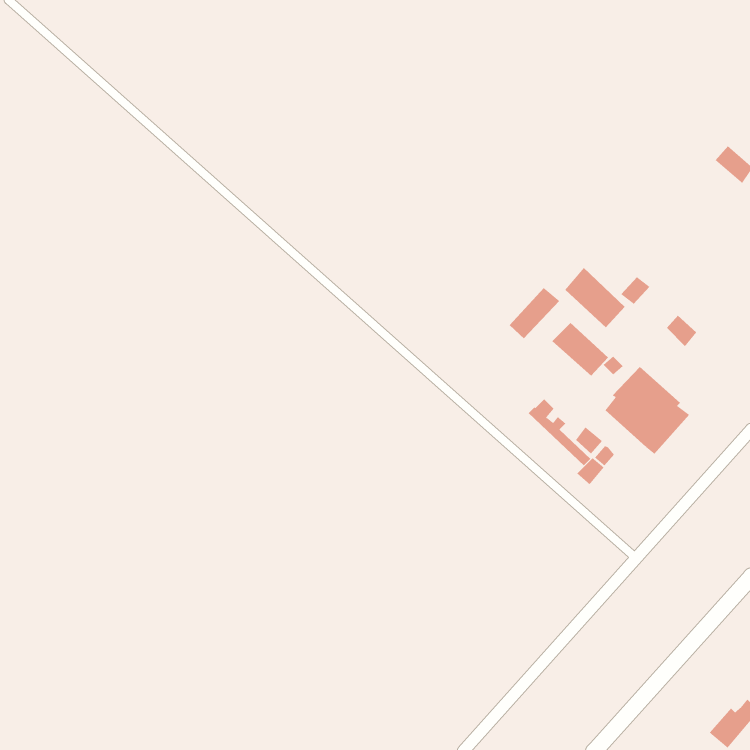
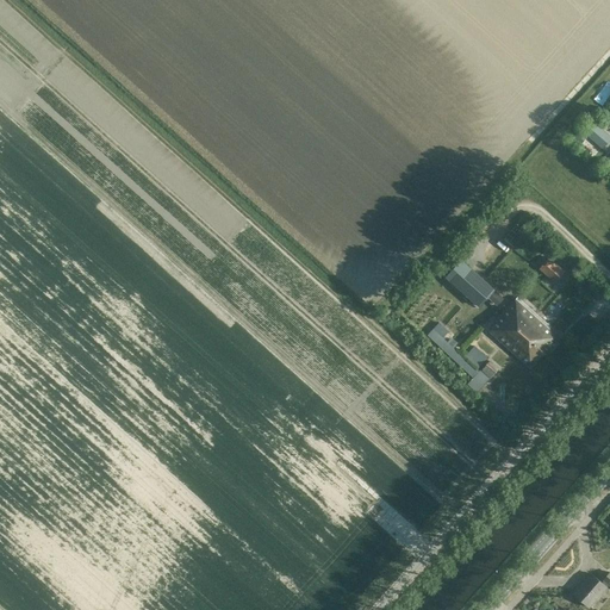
building: [564,267,625,328] -> none
building: [509,287,560,339] -> none

